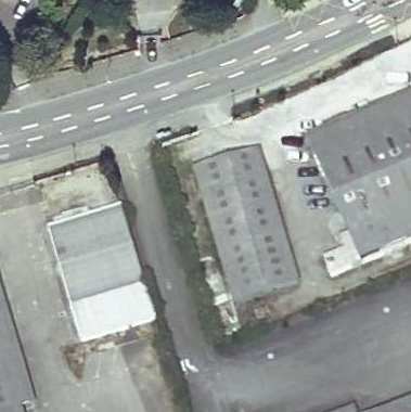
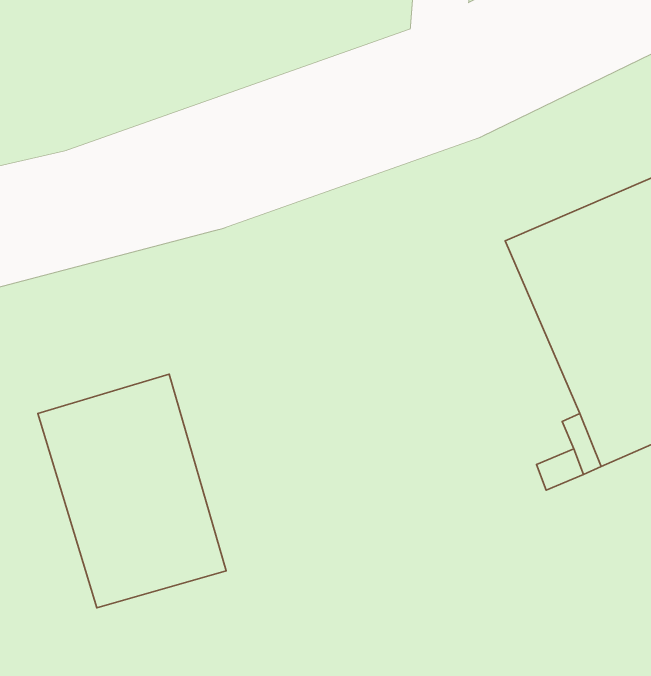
building: [193,149,295,297] -> none

